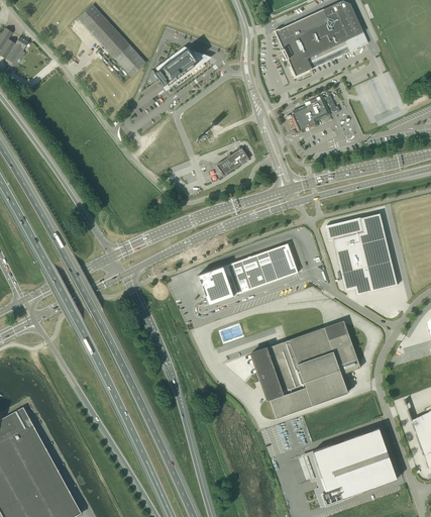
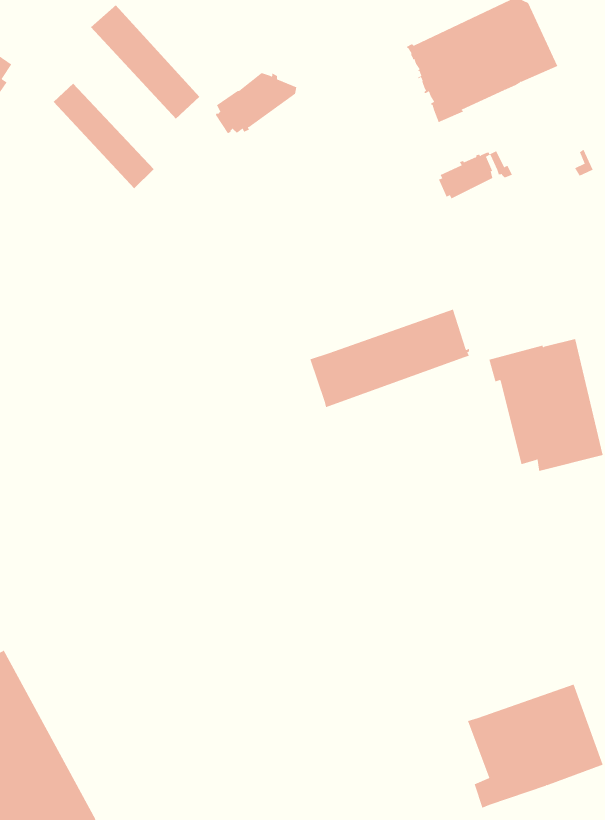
building: none -> [53,83,154,189]
building: [213,147,245,177] -> none
building: [198,242,298,304] -> [309,309,470,408]
building: [251,326,359,417] -> none

